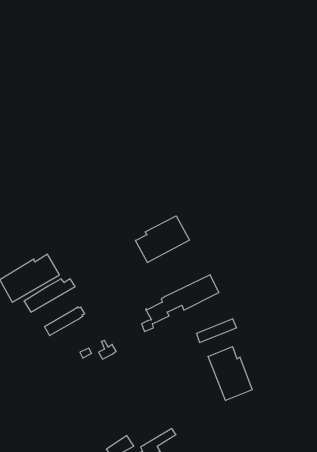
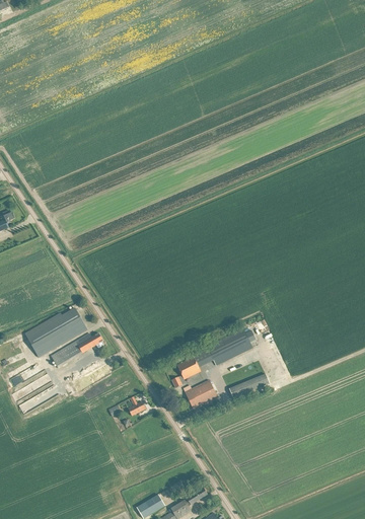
building: [135,216,189,263] -> none
building: none -> [185,380,217,410]
building: [208,347,252,401] -> none

